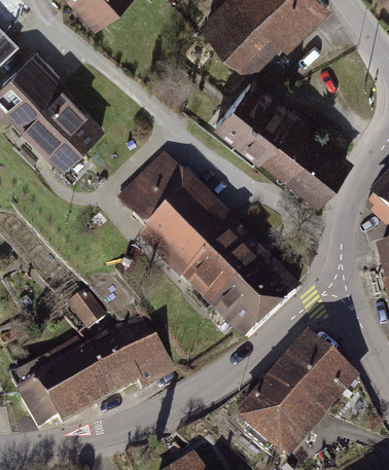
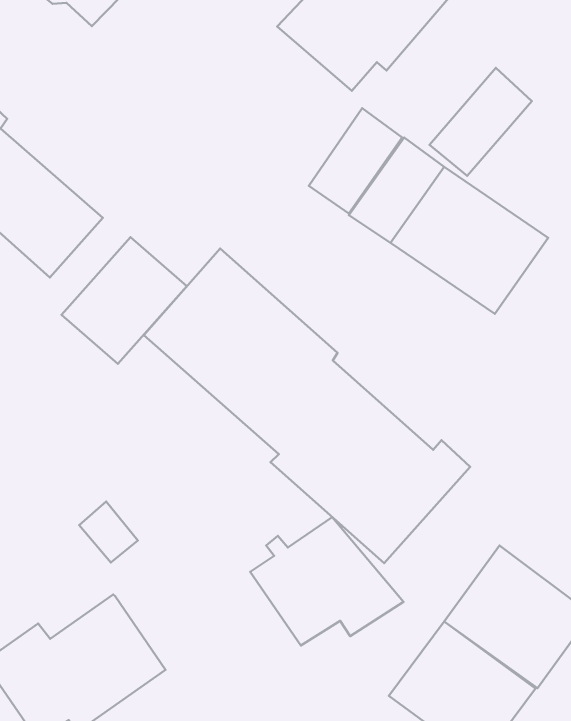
building: none -> [430,68,532,176]
building: none -> [62,237,187,364]
building: [89,319,175,391] -> [250,517,403,645]

